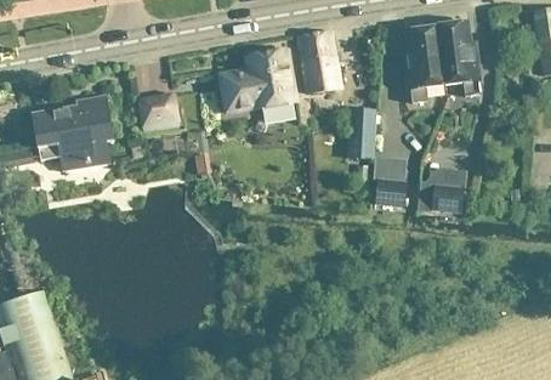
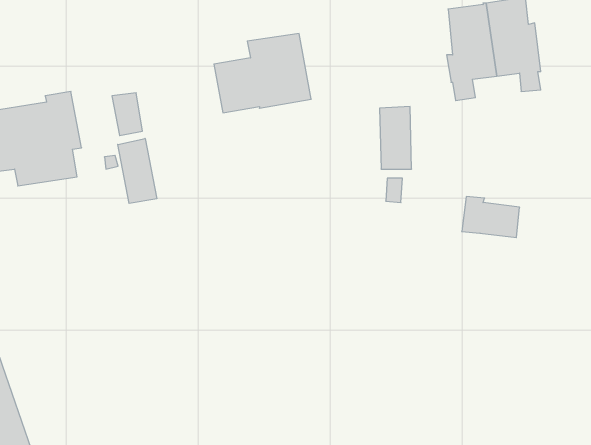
building: [299,30,341,92] -> none
building: none -> [118,138,157,203]
building: [371,157,407,205] -> none

